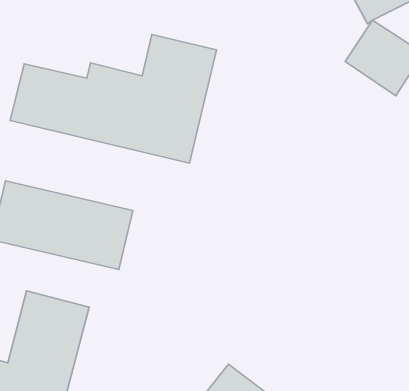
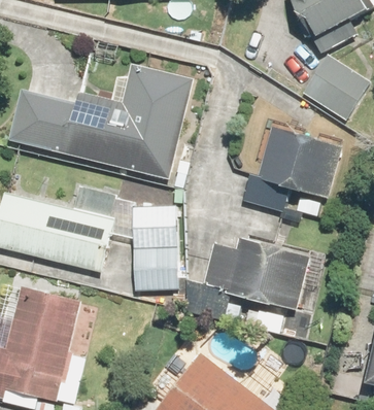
building: none -> [243,124,346,208]
building: none -> [129,208,180,292]
building: none -> [203,237,312,310]

